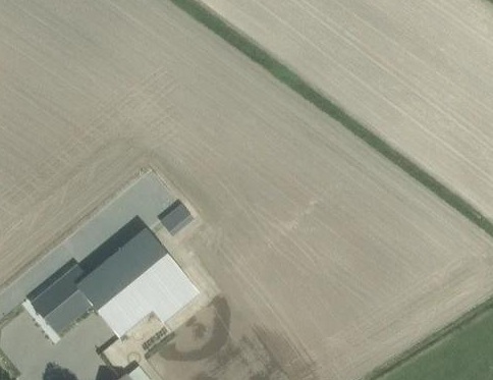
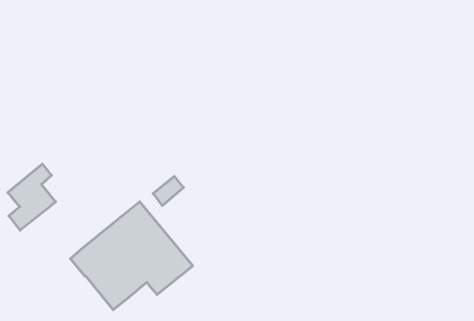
building: [43,266,91,332] -> [8,164,56,230]

